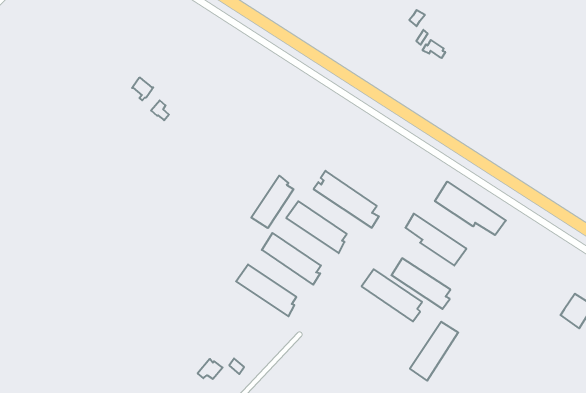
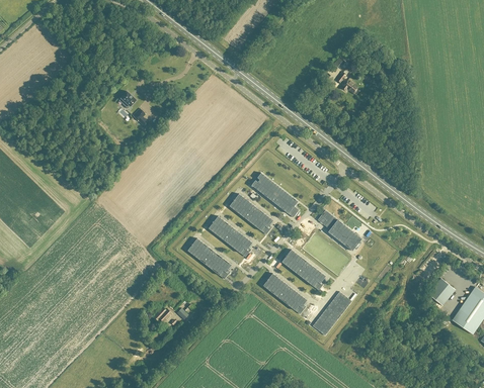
building: [251,176,293,228] -> none
building: [435,182,506,235] -> none
building: [391,258,450,309] -> [262,273,306,313]

